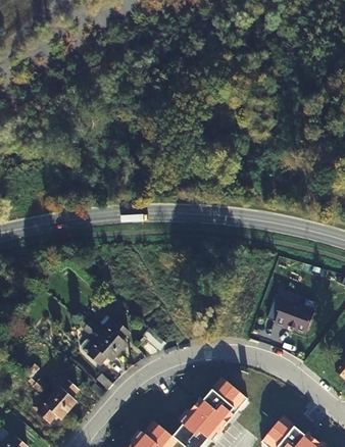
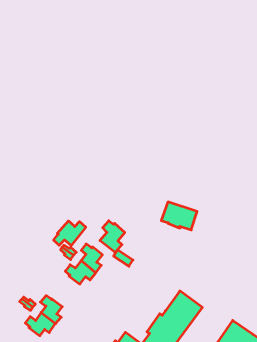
building: none -> [54,221,86,246]
building: none -> [100,221,125,253]
building: [267,298,310,333] -> [161,202,197,230]

